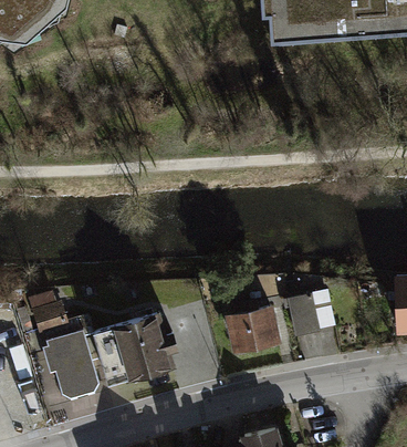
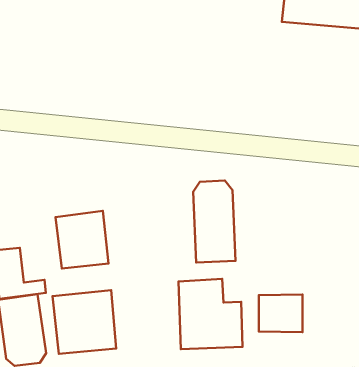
building: none -> [193,180,235,263]
building: none -> [56,211,108,268]

